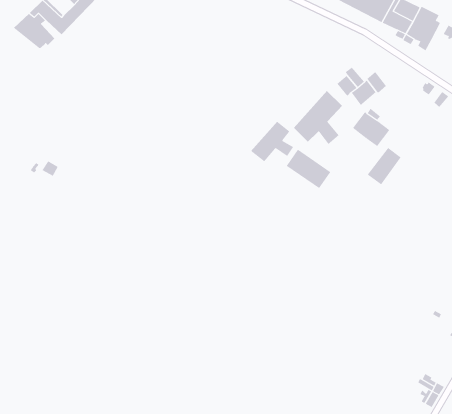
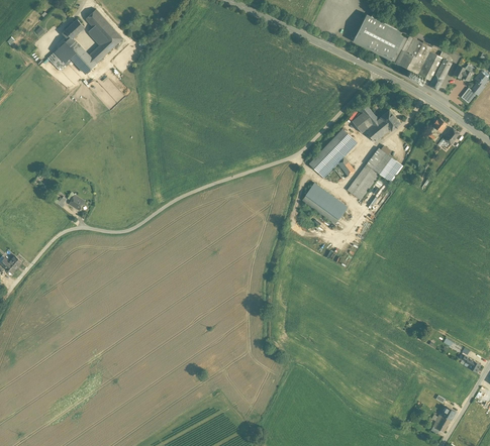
building: [250,121,294,162] -> none
building: [367,147,402,185] -> [346,163,379,200]

